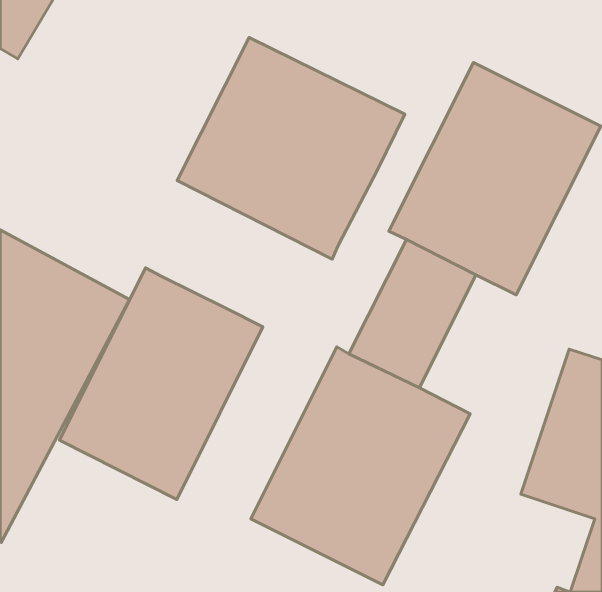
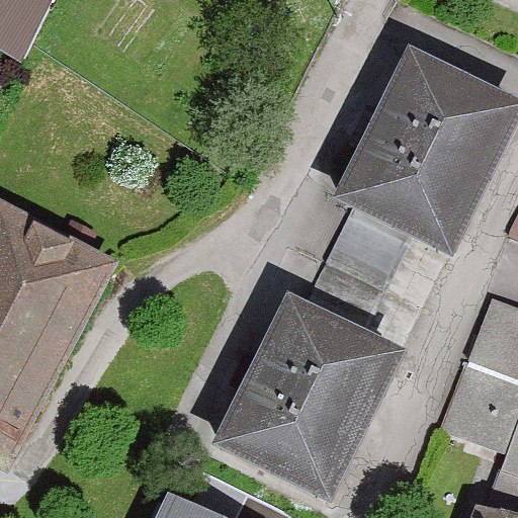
building: [177,38,405,259] -> none
building: [59,268,263,499] -> none

